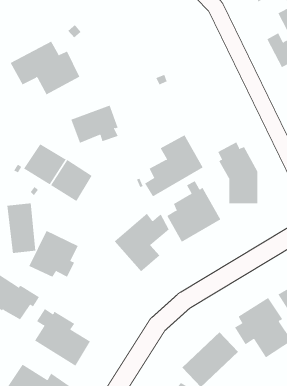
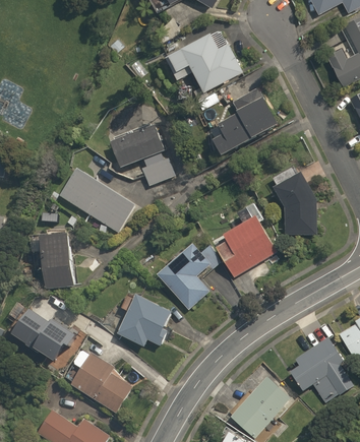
building: [10,41,80,95] -> [163,30,240,90]
building: [144,134,203,197] -> [212,87,277,156]
building: none -> [140,160,174,187]
building: [29,230,79,277] -> [117,295,172,346]

